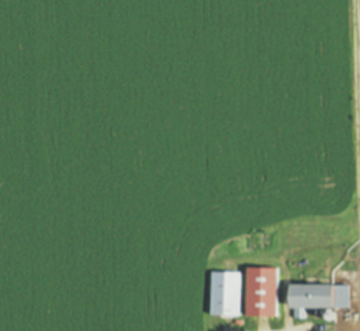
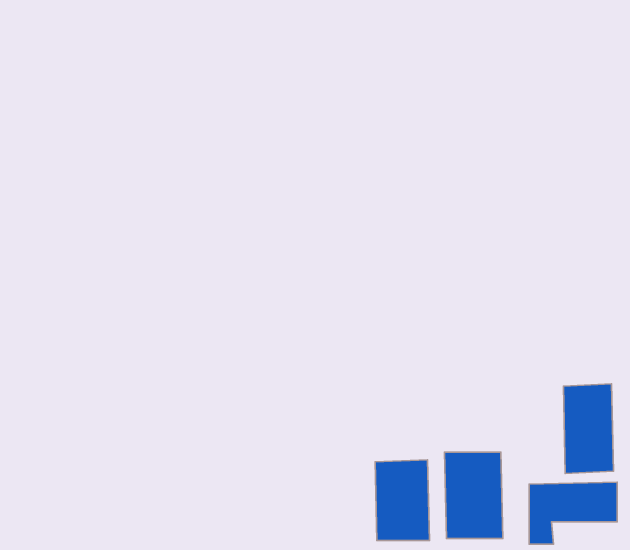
building: none -> [563,384,613,473]

